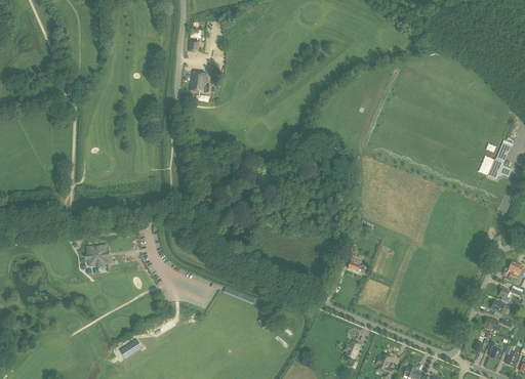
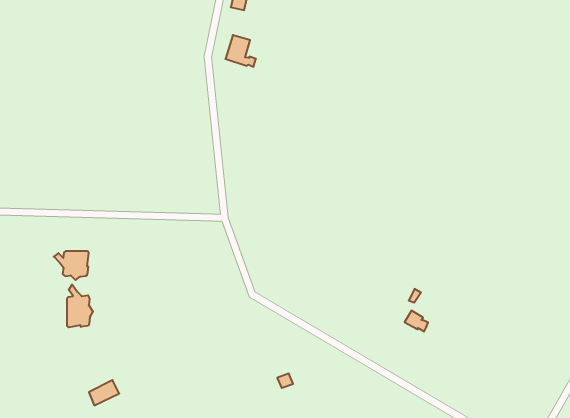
building: none -> [67,284,93,327]

